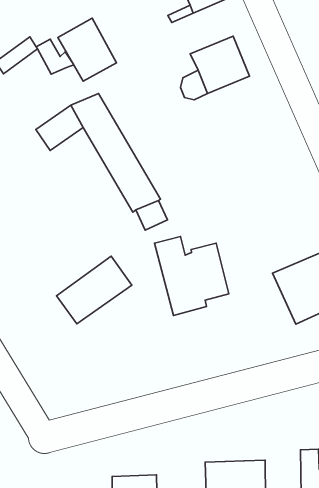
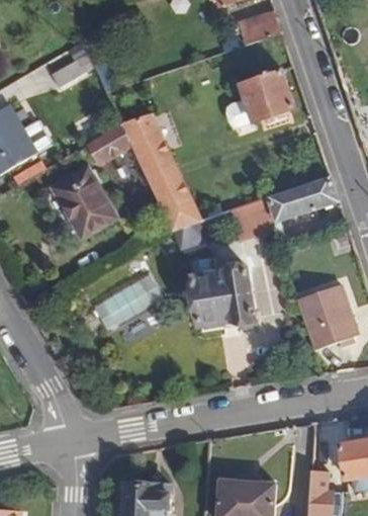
building: [58,18,117,81] -> none
building: none -> [237,176,336,222]
building: none -> [52,169,112,236]

